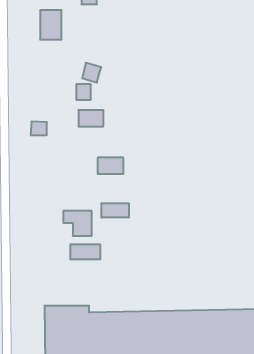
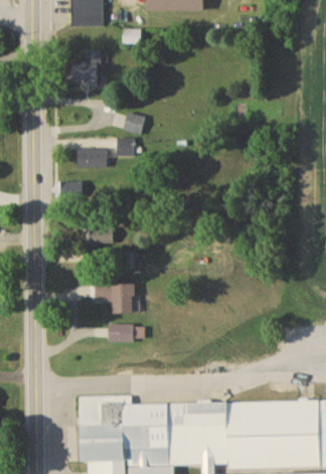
building: [78,110,103,126] -> [76,148,106,167]
building: [98,158,123,174] -> [83,225,113,245]
building: [101,203,129,218] -> none

